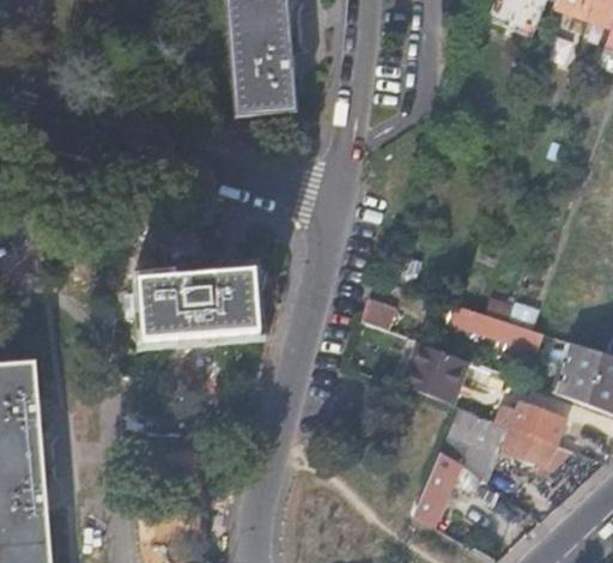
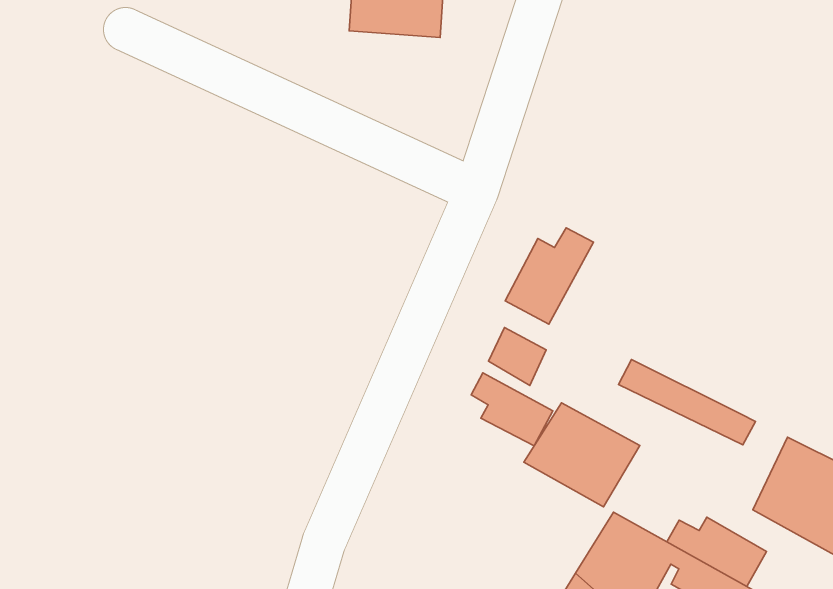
building: none -> [505,228,593,324]
building: [138,272,257,341] -> none
building: none -> [471,373,553,446]

